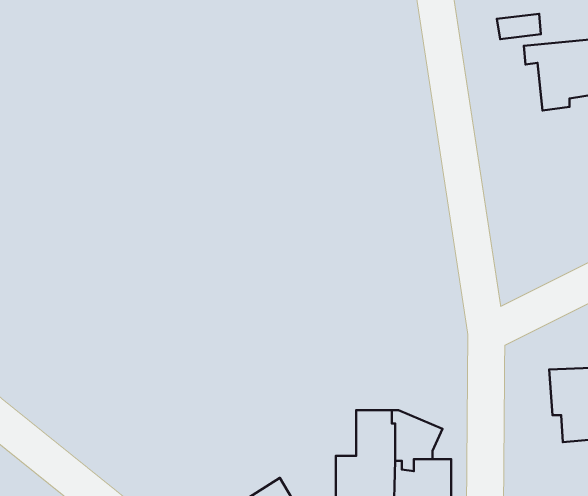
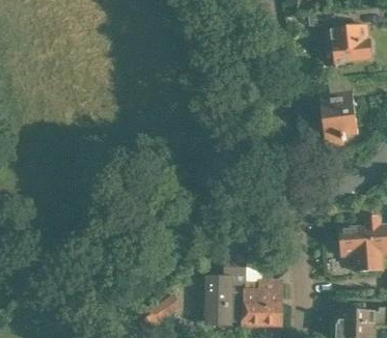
building: none -> [319,79,357,146]

